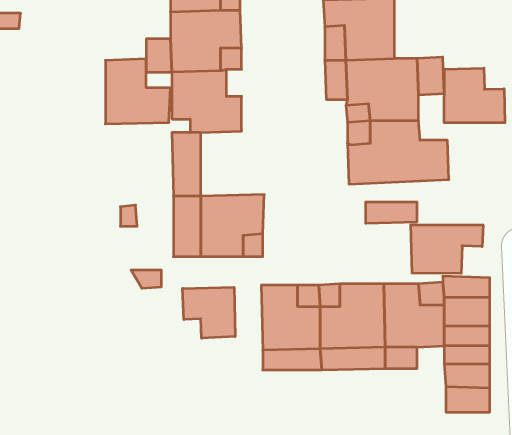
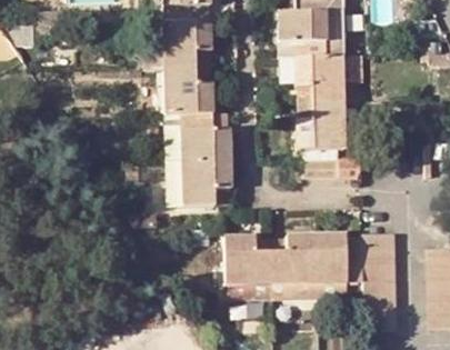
building: [105,59,170,124] -> [184,116,232,163]
building: [444,68,505,123] -> none
building: [411,225,483,273] -> none
building: [183,287,235,338] -> none

